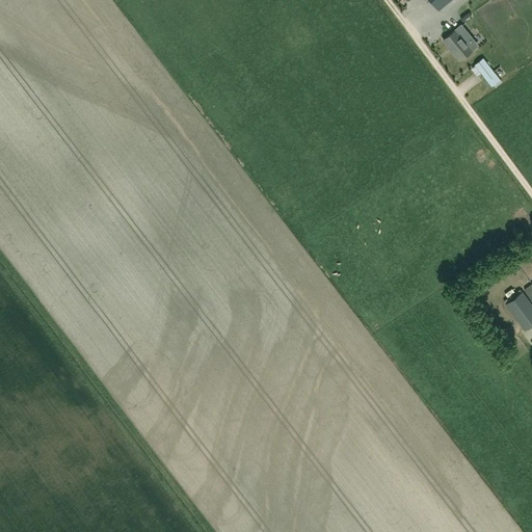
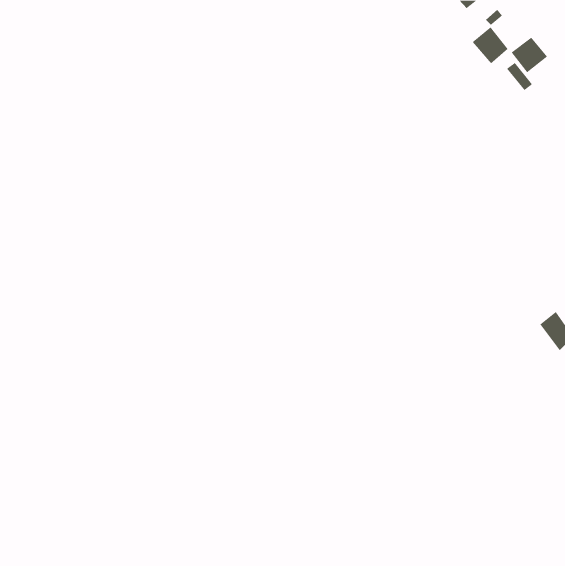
building: none -> [511,37,548,73]

